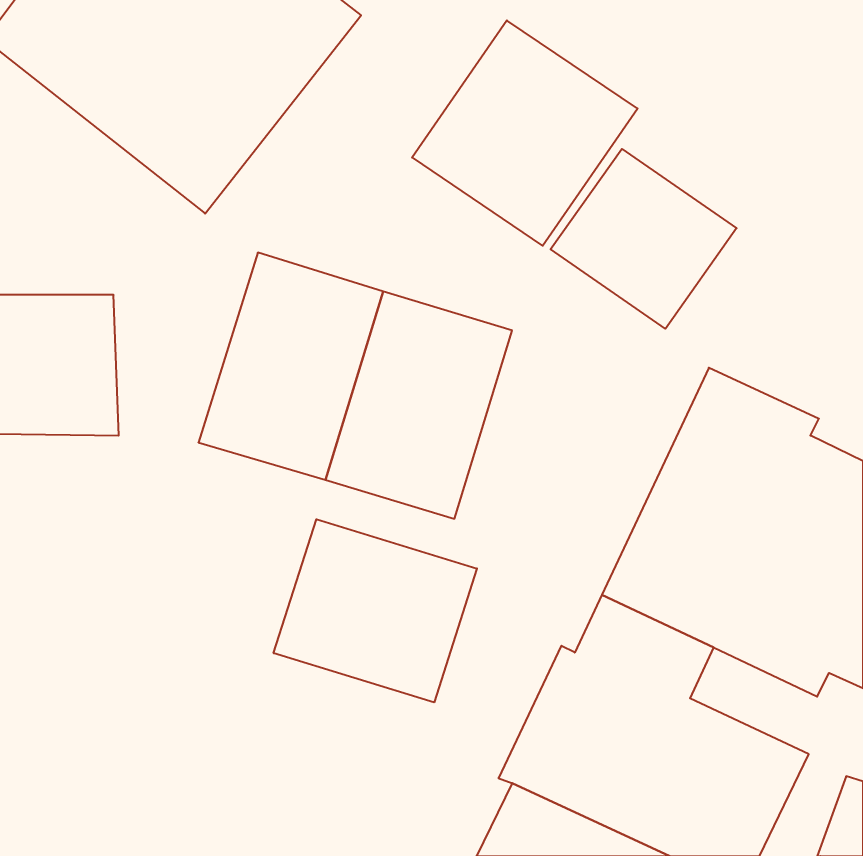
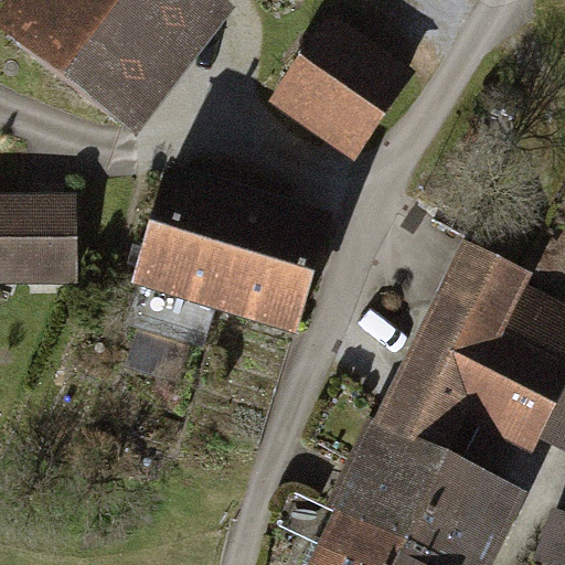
building: [551,149,737,329] -> none
building: [274,519,477,702] -> none

